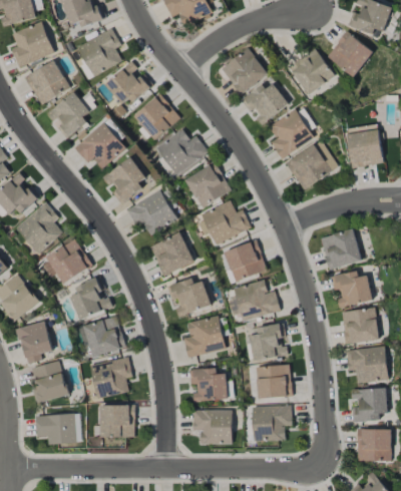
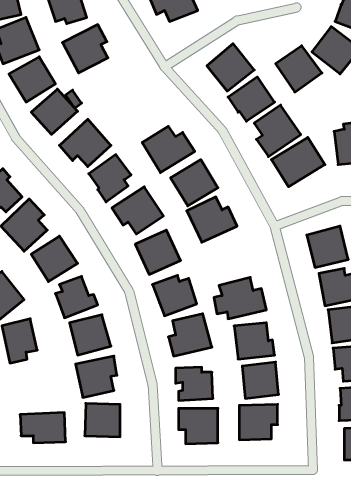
building: [105,61,150,107] -> none
building: [133,94,180,140] -> none
building: [224,240,267,283] -> none
building: [29,361,68,403] -> none

